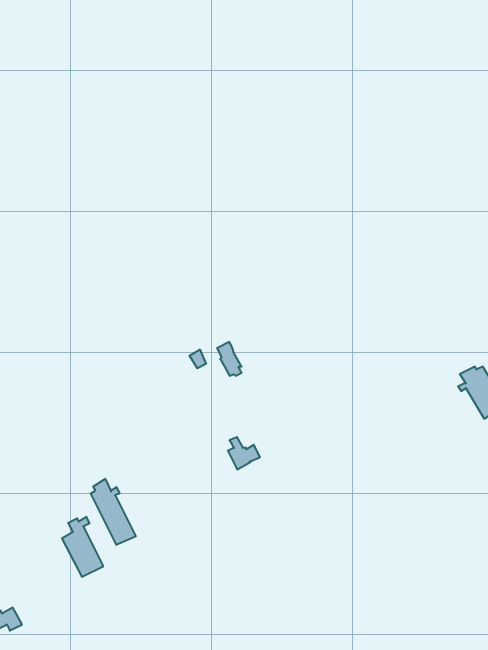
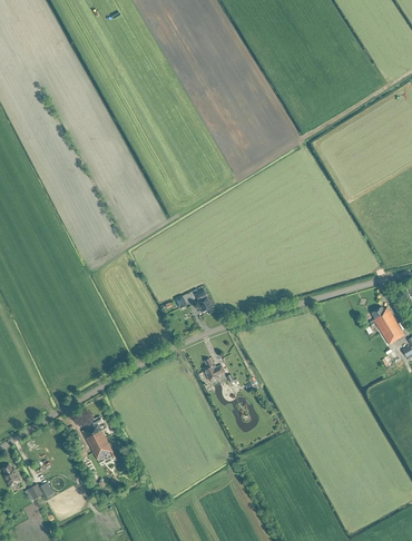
building: [91,479,136,545] -> none

